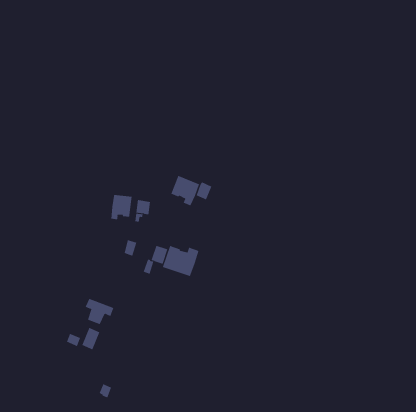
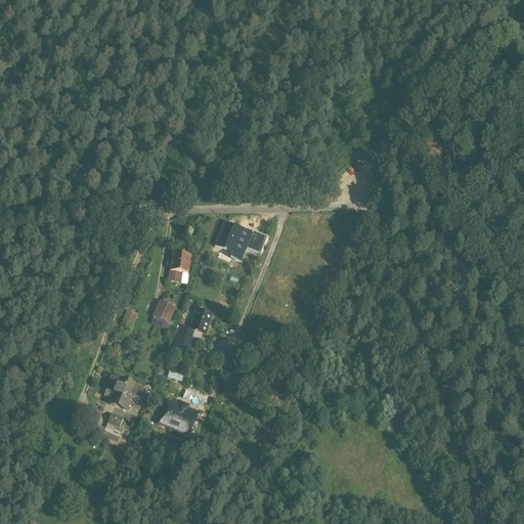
building: [111,194,132,220] -> none
building: [162,245,199,277] -> none
building: none -> [162,402,195,434]

